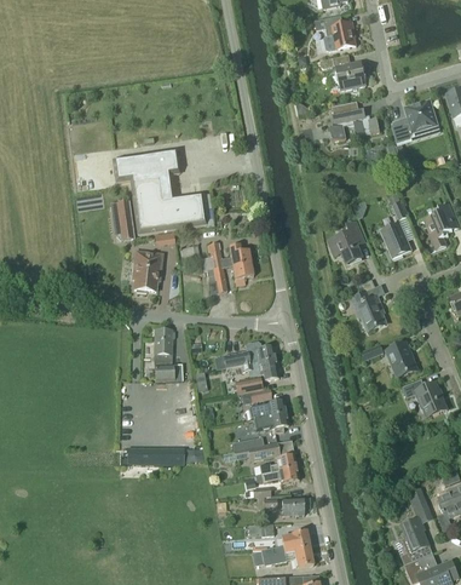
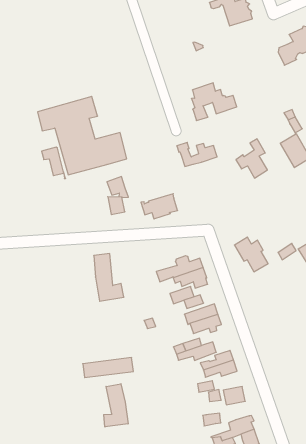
building: [330,101,380,140] -> [191,83,237,121]
building: [207,241,250,268] -> [177,142,217,166]
building: [133,251,162,292] -> none
building: [350,289,385,329] -> [234,237,268,272]
building: none -> [104,384,128,427]

